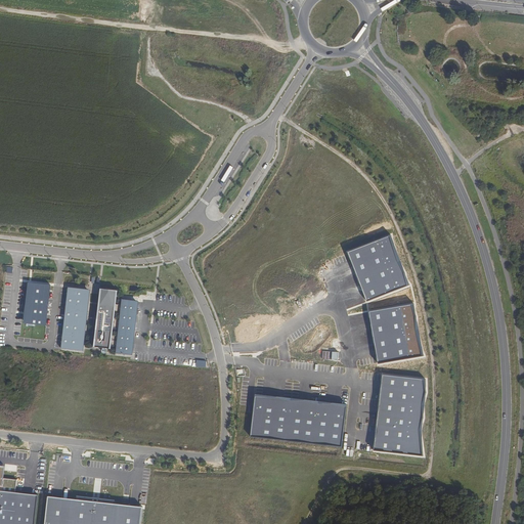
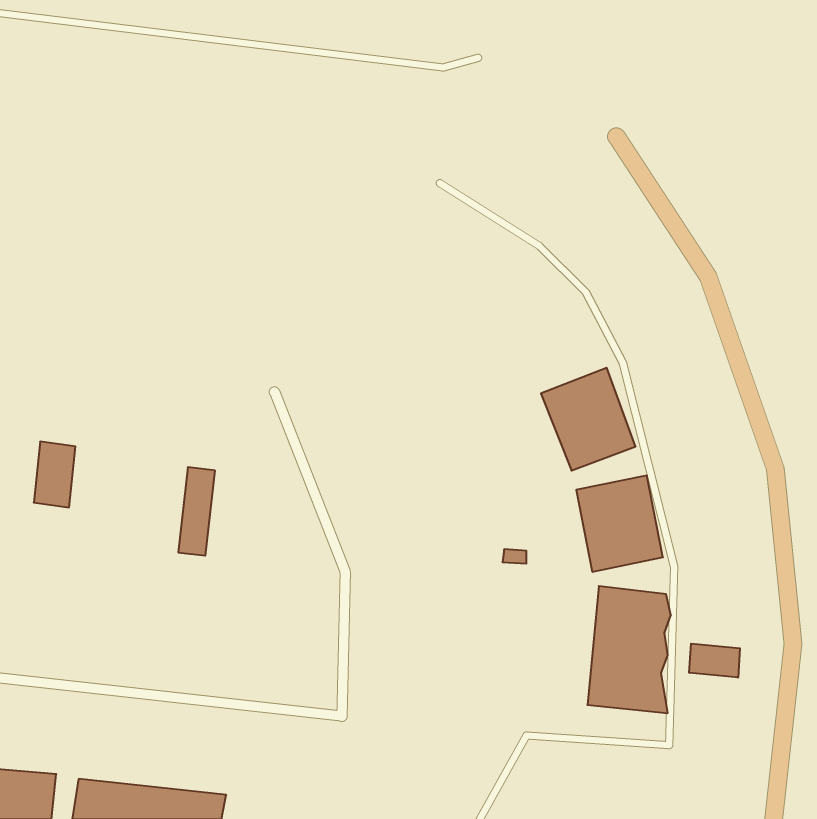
building: [59,286,89,350] -> none
building: [91,288,116,349] -> none
building: [249,395,345,445] -> none
building: none -> [689,644,740,678]

